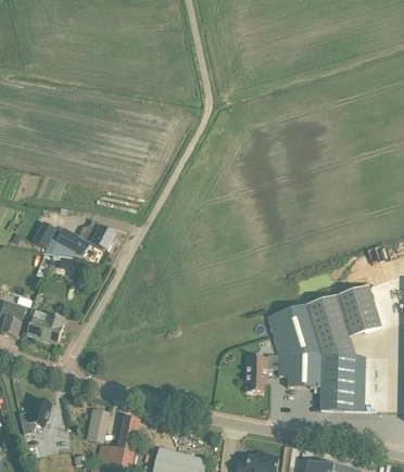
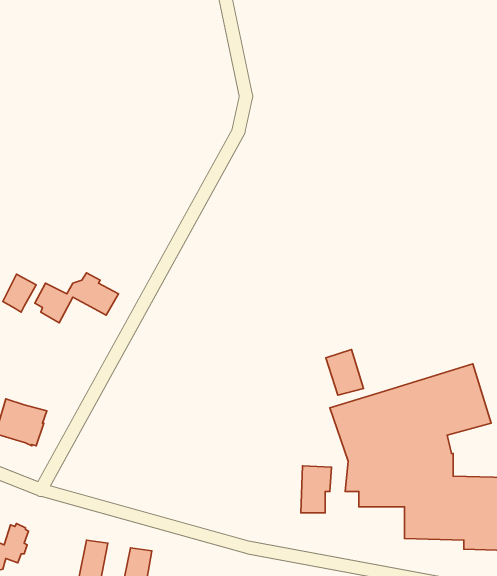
building: none -> [326,349,363,395]

